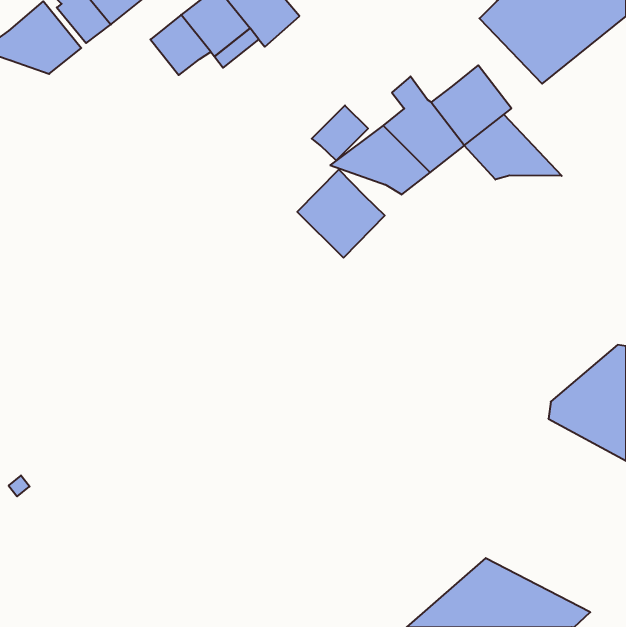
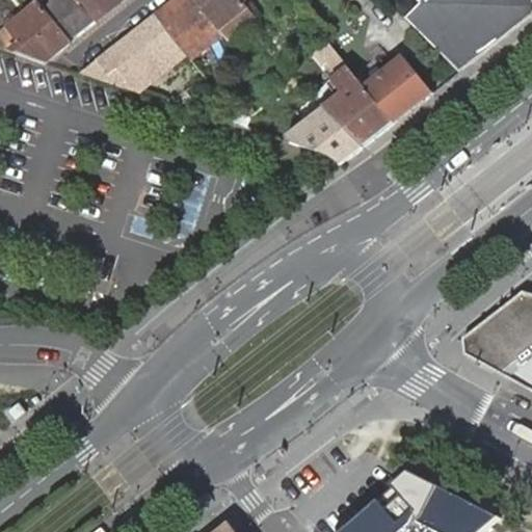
building: none -> [78,33,151,90]
building: [312,105,368,161] -> none
building: [464,114,562,180] -> none
building: [297,169,385,258] -> none

